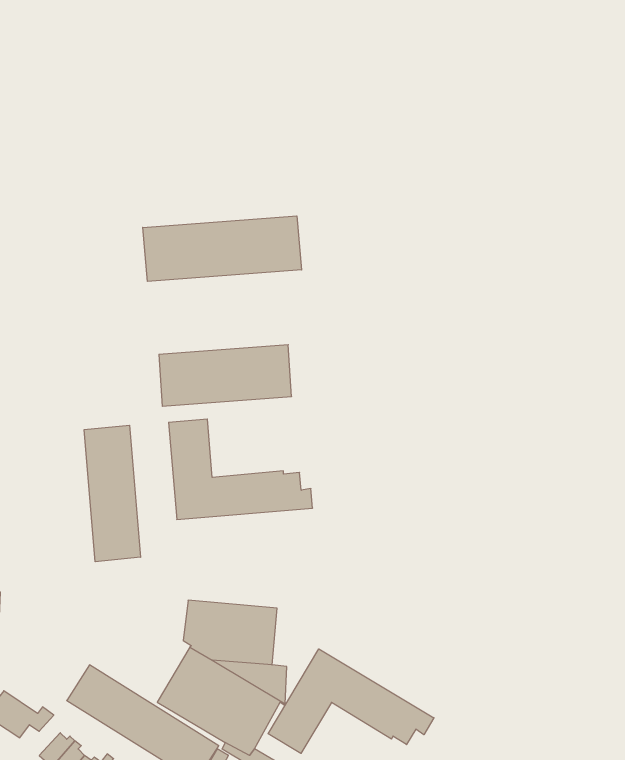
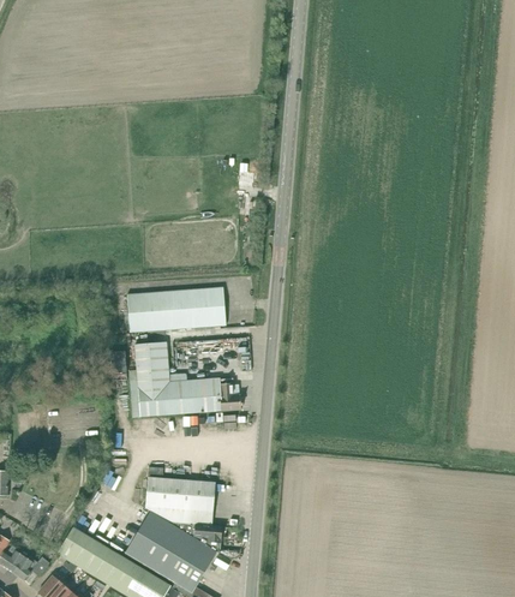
building: [143,216,302,281] -> none
building: [84,425,141,562] -> none
building: [268,649,434,753] -> none

